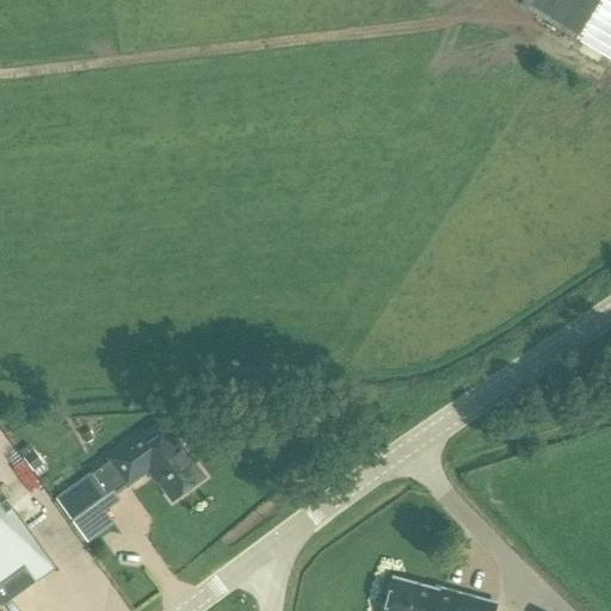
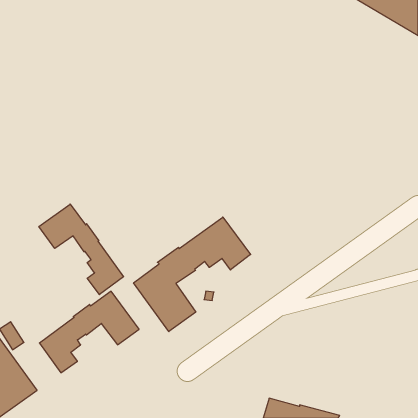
building: none -> [39,204,124,295]
building: none -> [134,217,251,332]

